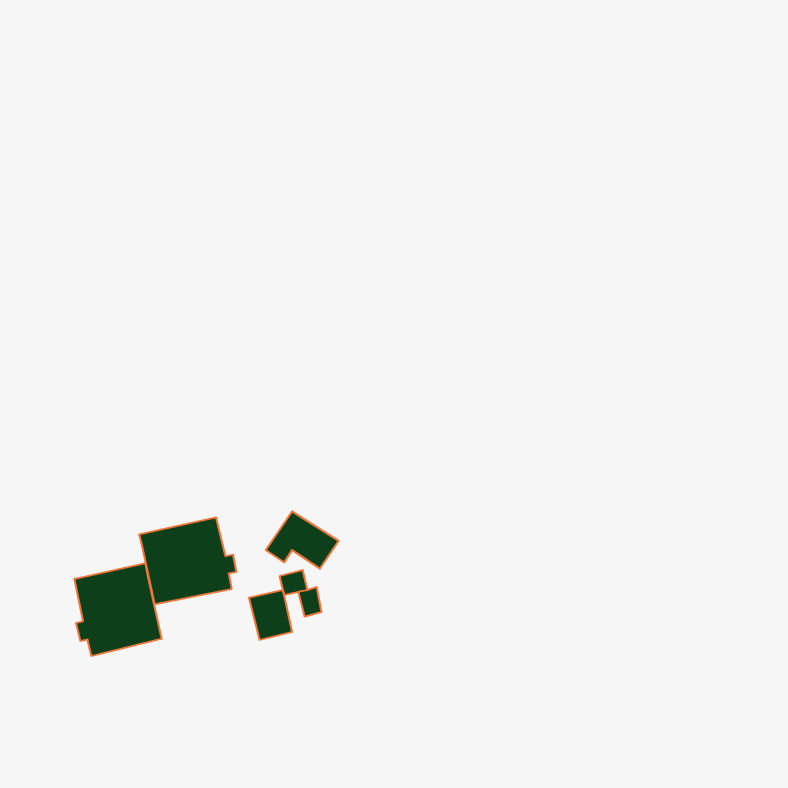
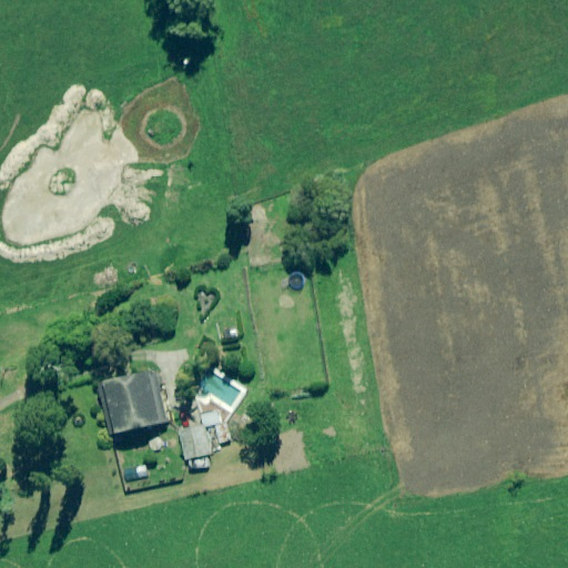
building: [74,563,162,656] -> none

